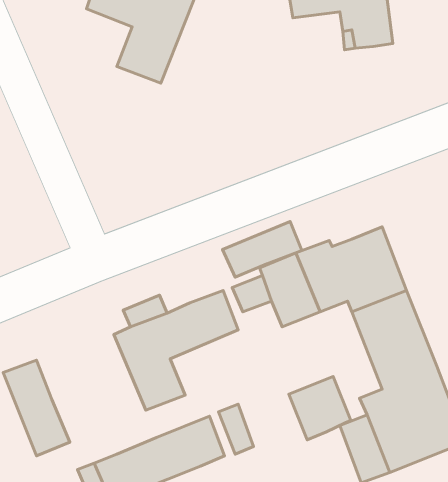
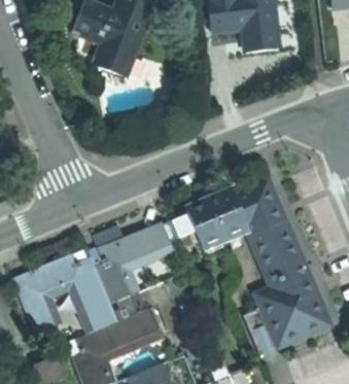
building: [223,222,302,277] -> none
building: none -> [38,247,119,333]
building: [289,376,351,440] -> none

